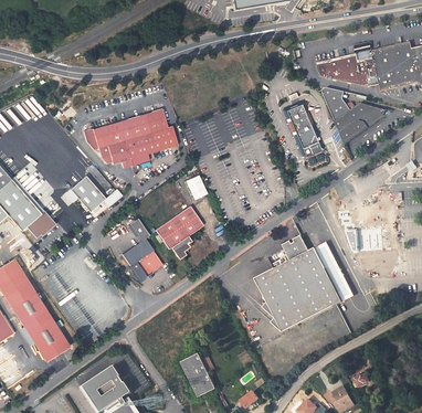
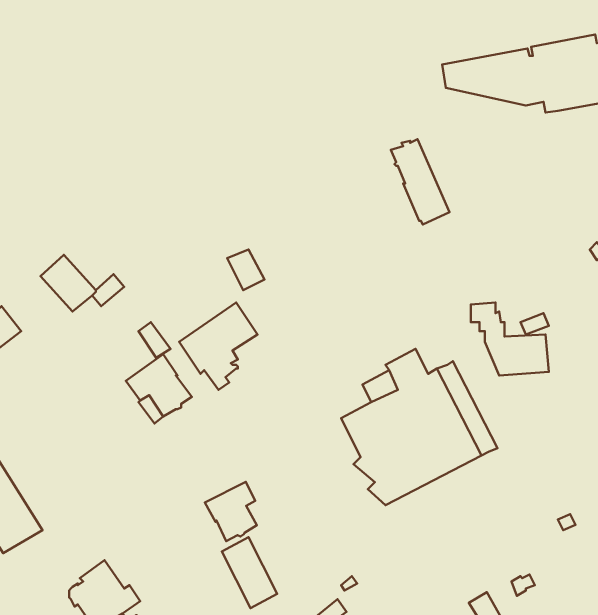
building: [323,89,388,146] -> none
building: [83,108,176,167] -> none
building: none -> [205,482,257,541]

